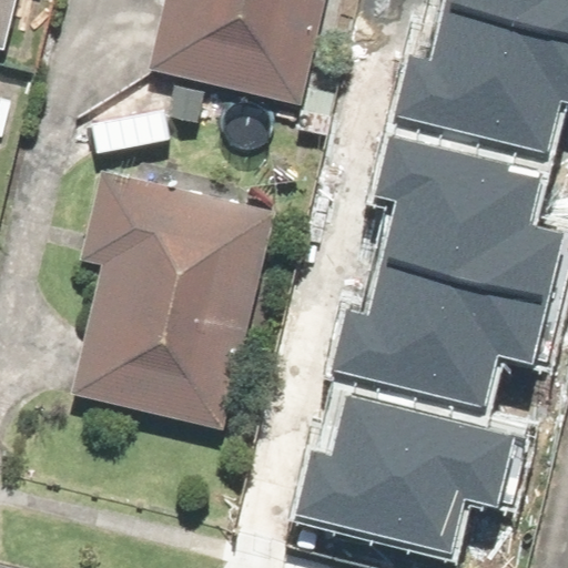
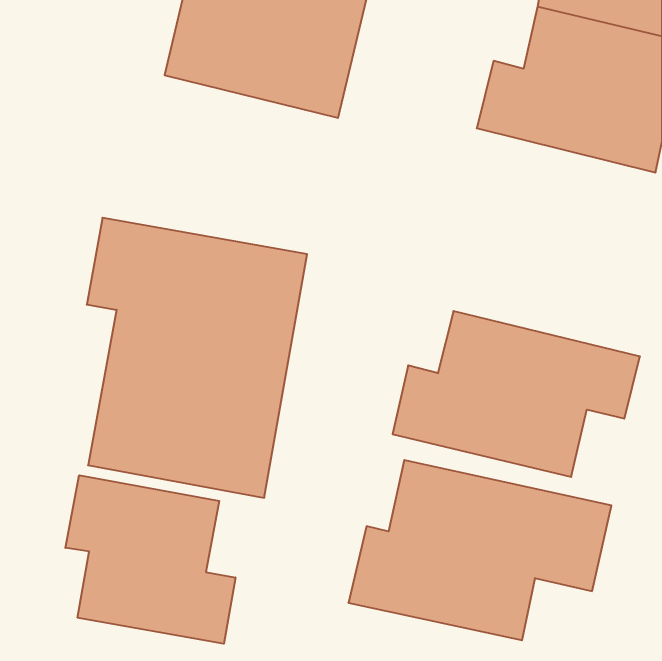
building: [377,145,562,305] -> none
building: none -> [65,475,235,644]

